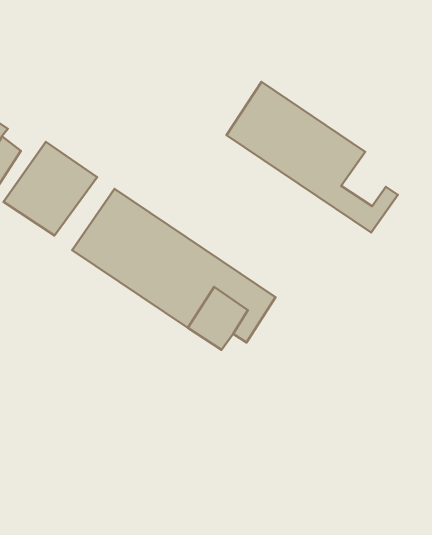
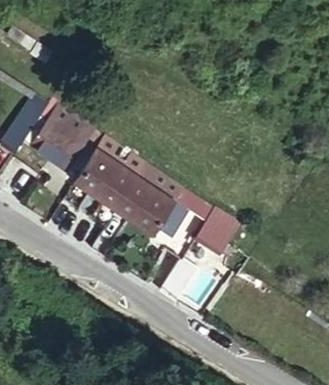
building: [226,82,398,233] -> none
building: none -> [195,210,240,258]

